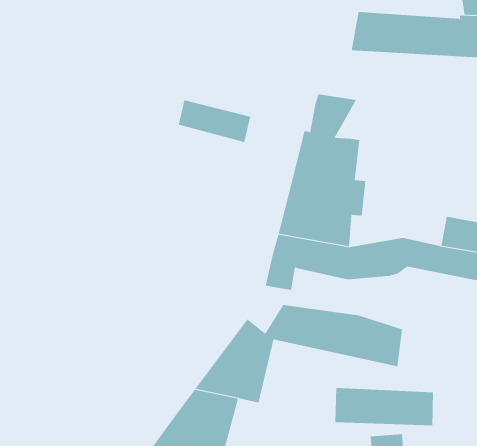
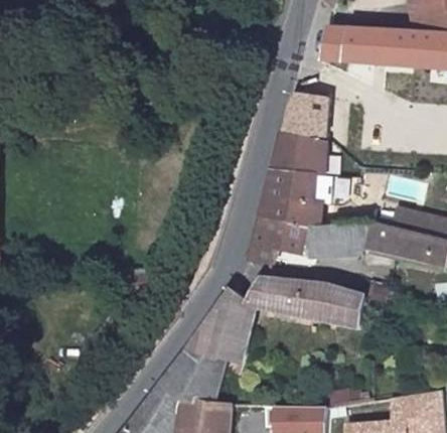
building: [178,99,251,143] -> none
building: [335,387,433,426] -> none

